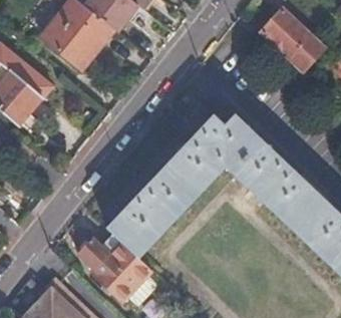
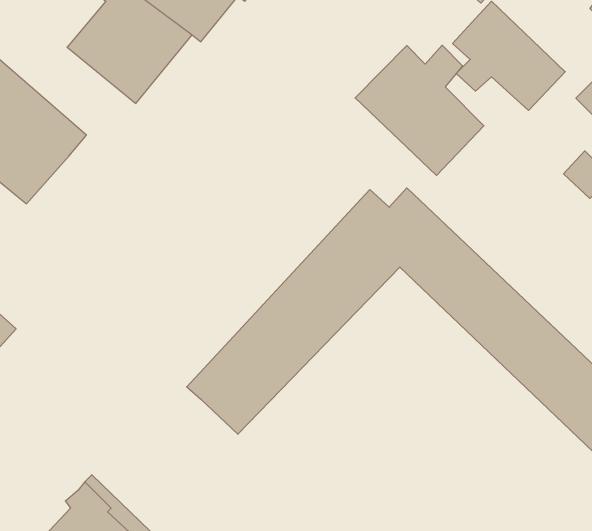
building: none -> [355,45,484,175]
building: [78,236,151,300] -> none

